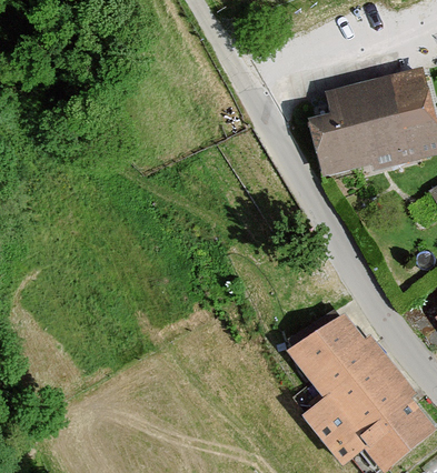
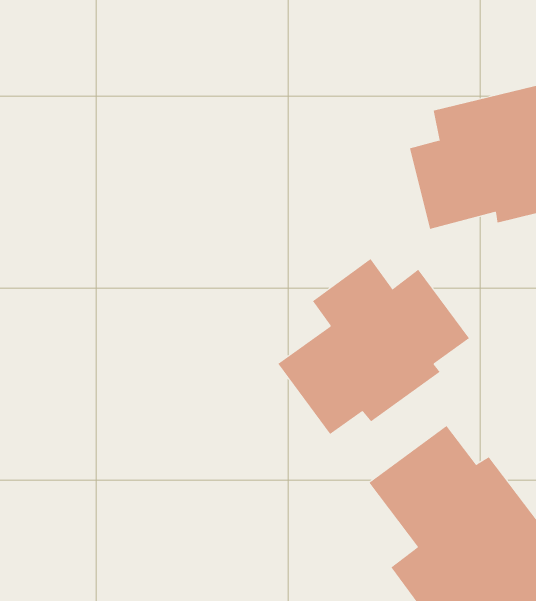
building: none -> [277,258,470,435]

